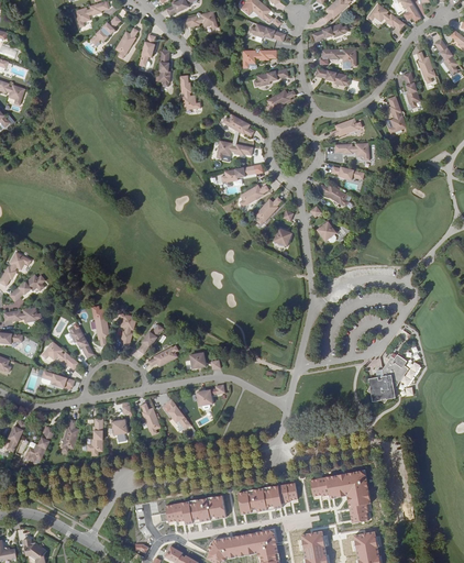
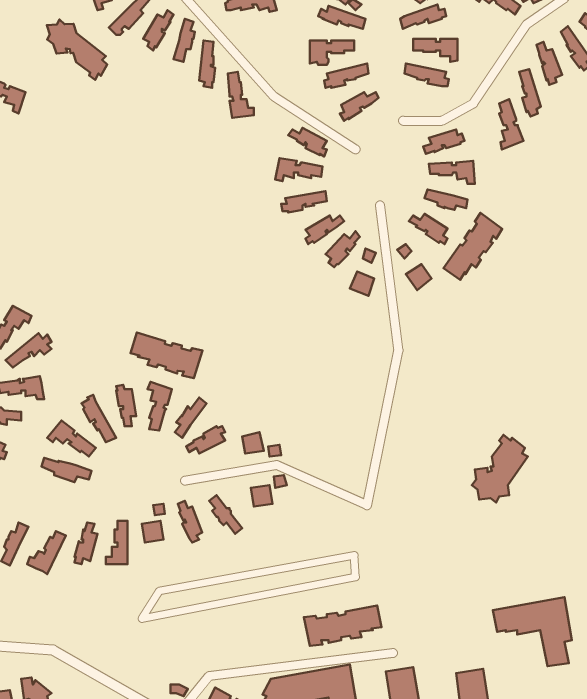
building: none -> [47,19,107,80]
building: none -> [444,213,502,280]
building: none -> [130,333,202,378]
building: [310,470,371,522] -> [493,597,572,666]
building: [165,495,225,523] -> none

